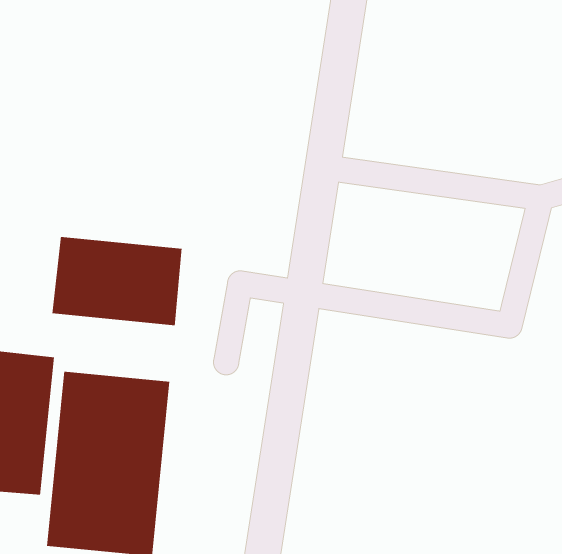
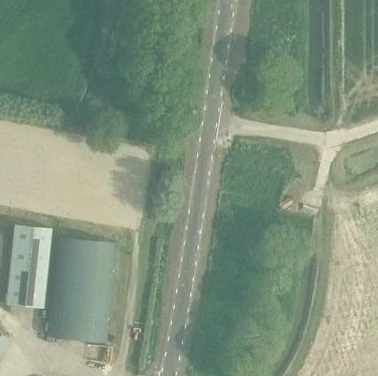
building: [52,236,182,326] -> none

